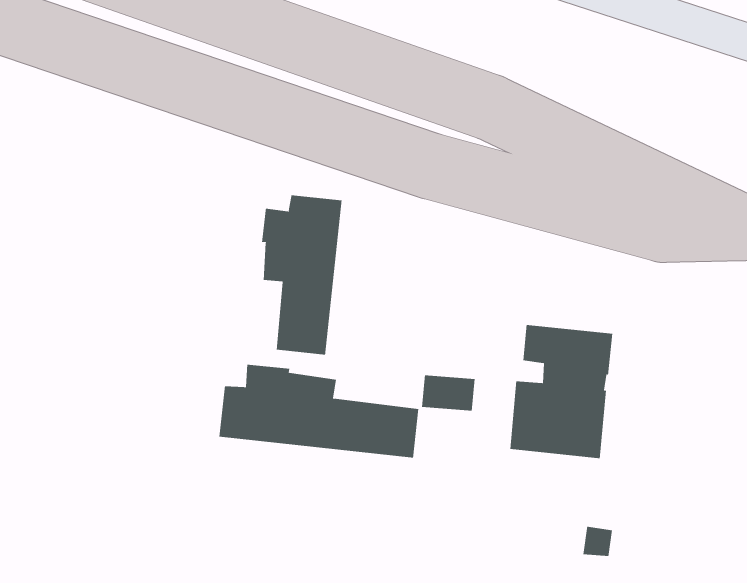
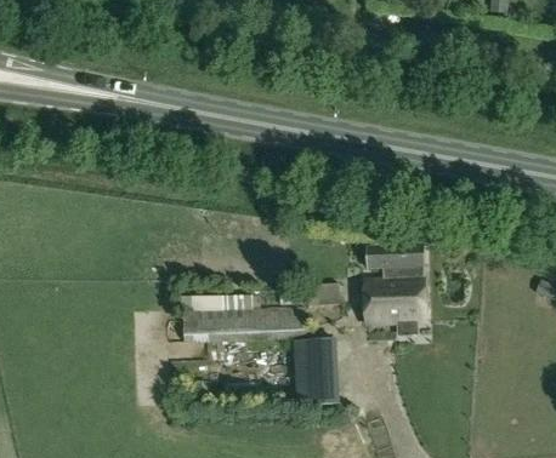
building: [261,194,342,356] -> none
building: none -> [293,337,341,405]

